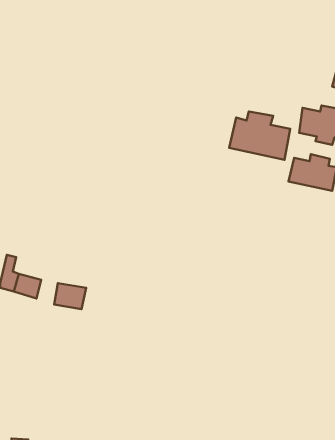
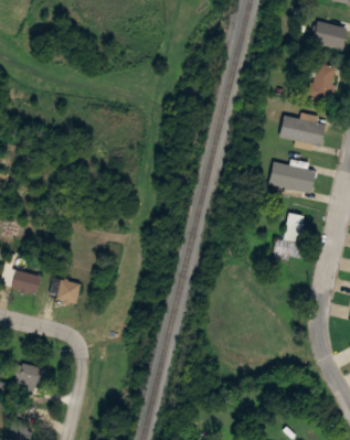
building: [229,111,290,160] -> none
building: none -> [274,212,306,260]
building: none -> [11,363,44,388]

